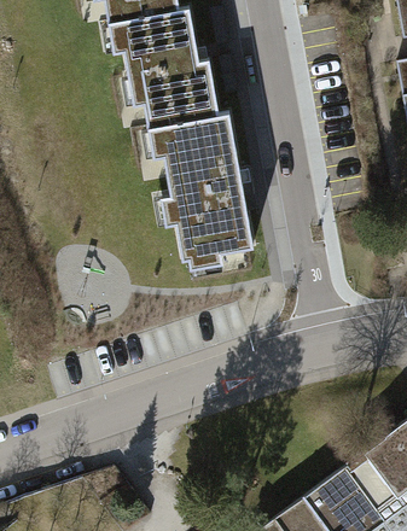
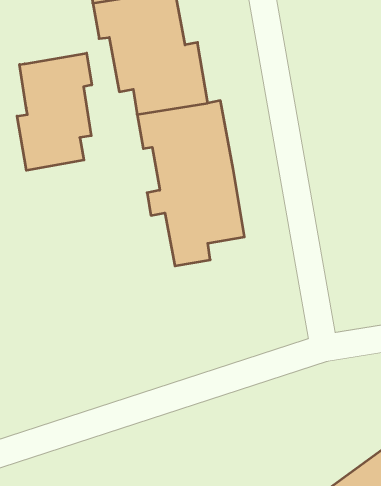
building: none -> [17,53,92,170]

